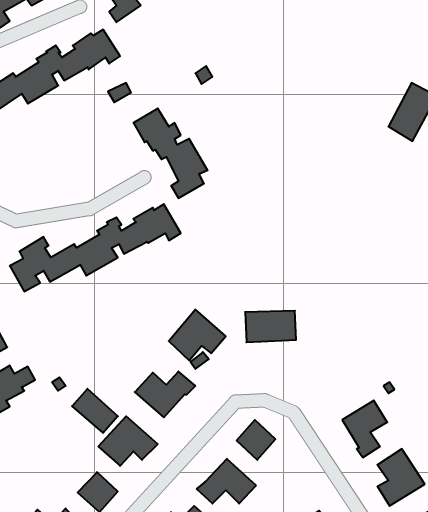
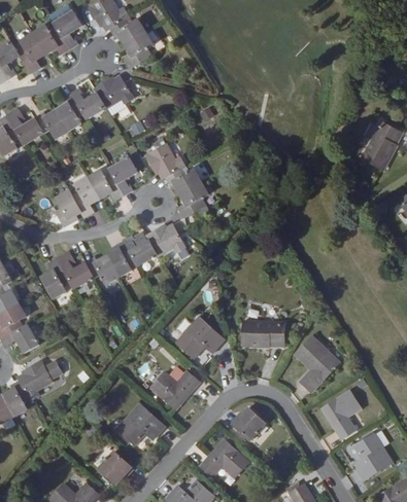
building: none -> [53,157,138,224]
building: none -> [291,334,337,392]
building: [72,389,118,433] -> none

